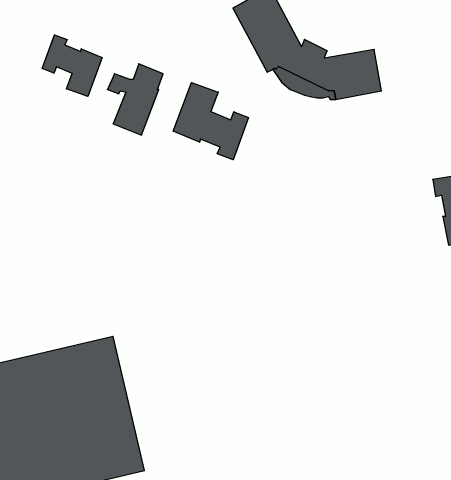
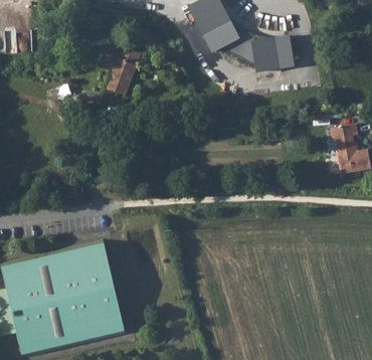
building: [42,35,102,96] -> none
building: [173,83,249,160] -> none

